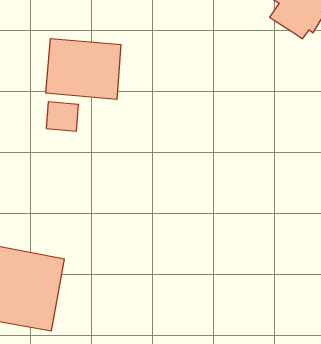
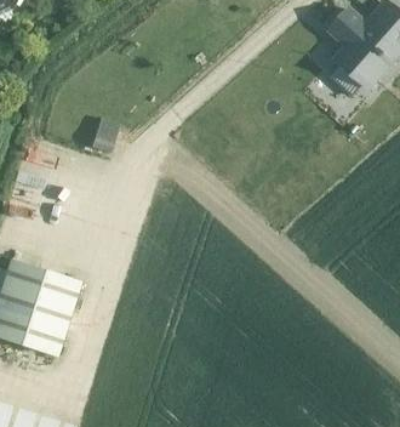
building: [46,39,121,99] -> none

